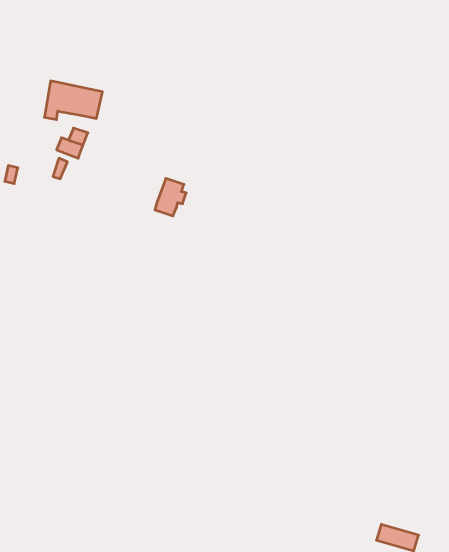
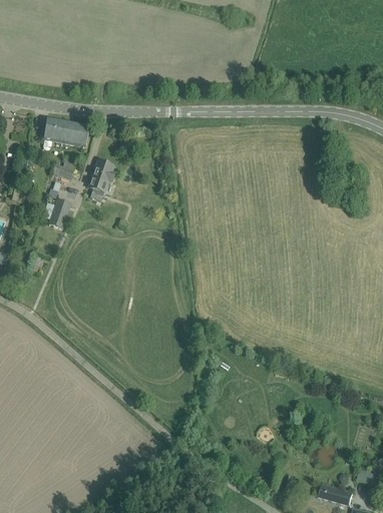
building: [155,178,186,216] -> [90,160,116,191]
building: none -> [49,198,72,229]

